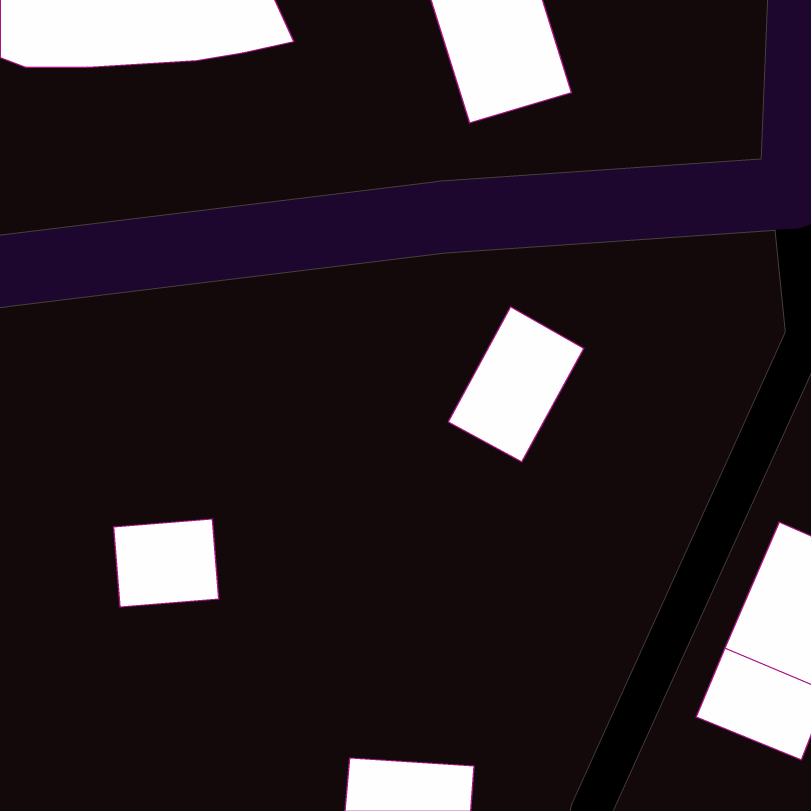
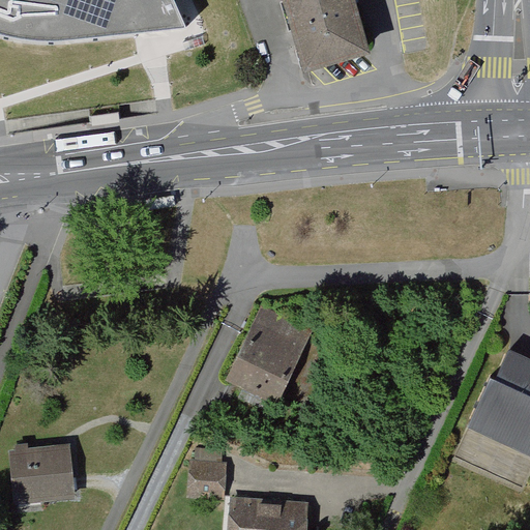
building: [448,307,584,462] -> [227,300,315,401]
building: [113,519,219,607] -> [11,440,80,497]
building: none -> [188,458,228,494]

